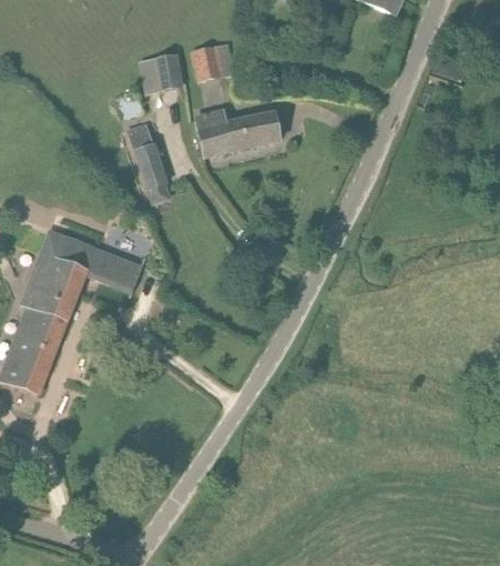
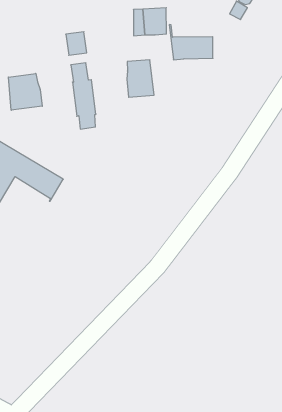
building: [139,52,183,93] -> none
building: [221,108,279,149] -> [169,25,213,60]
building: none -> [8,73,42,110]

